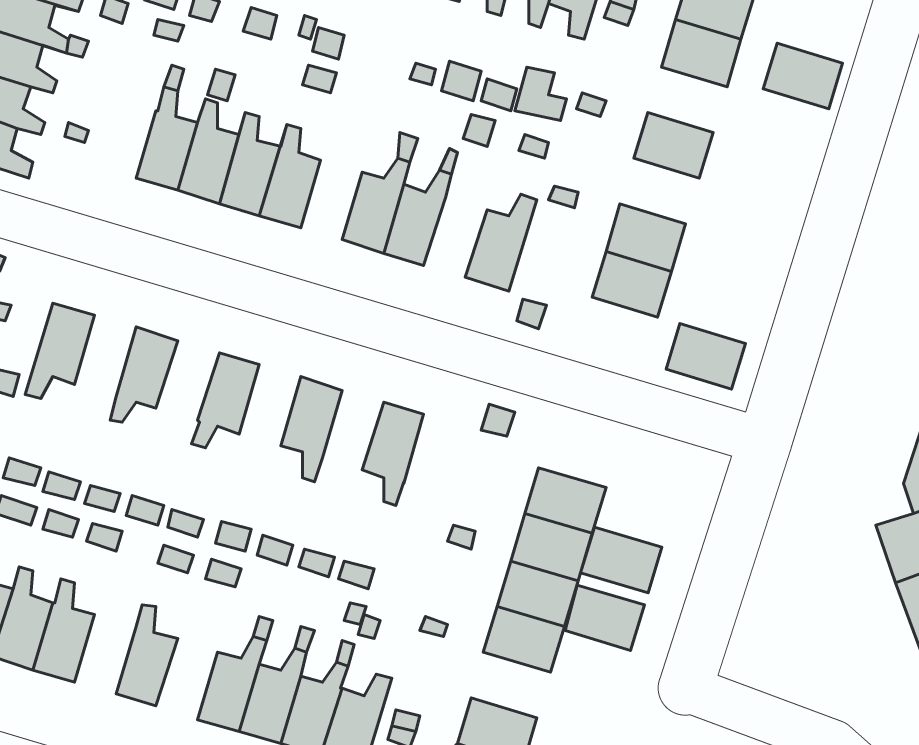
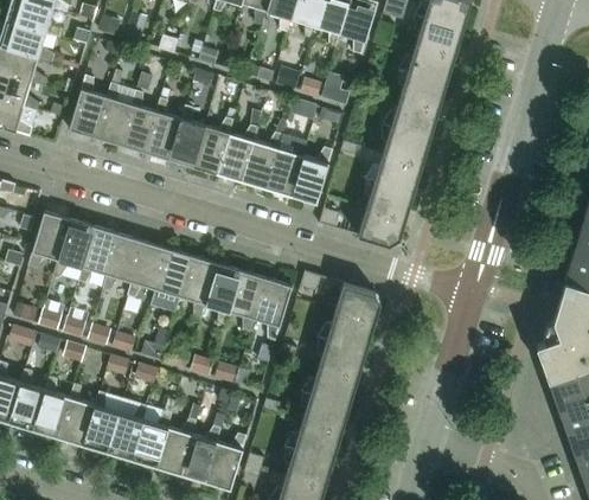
building: [763,43,843,109] -> [399,71,447,110]
building: none -> [69,76,105,137]
building: none -> [192,117,232,174]
building: none -> [383,126,430,165]
building: none -> [265,140,307,197]
building: none -> [53,219,94,276]
building: [666,324,745,389] -> [358,209,405,248]
building: none -> [102,235,143,291]
building: none -> [155,249,192,310]
building: none -> [205,264,242,326]
building: none -> [254,278,292,341]
building: [581,527,662,593] -> [334,283,383,322]
building: [565,585,644,650] -> [294,421,341,460]
building: none -> [57,384,94,445]
building: none -> [105,404,146,461]

